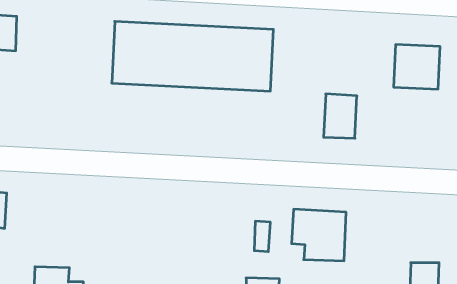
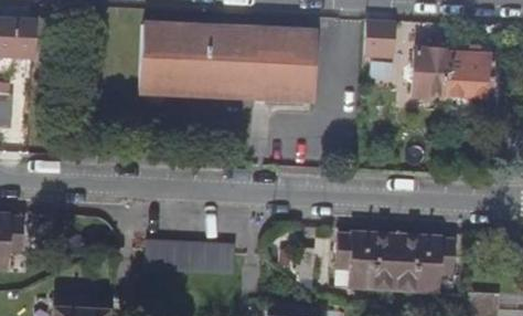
building: none -> [365,22,395,56]
building: [324,94,357,138] -> [413,49,449,97]
building: none -> [393,234,456,291]
building: none -> [145,239,236,273]

